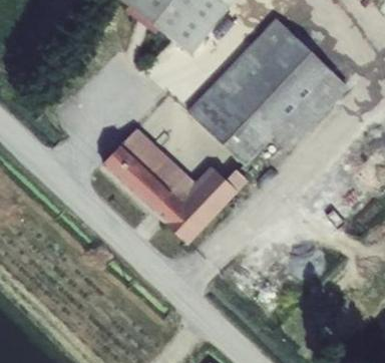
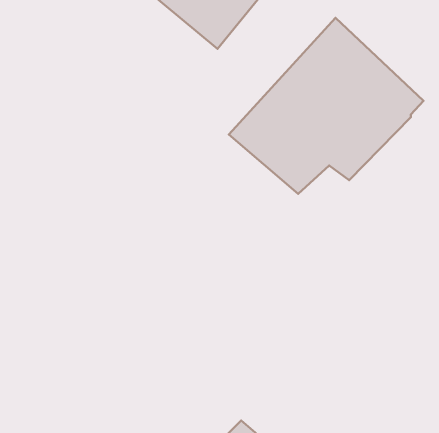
building: [106,130,250,243] -> none

